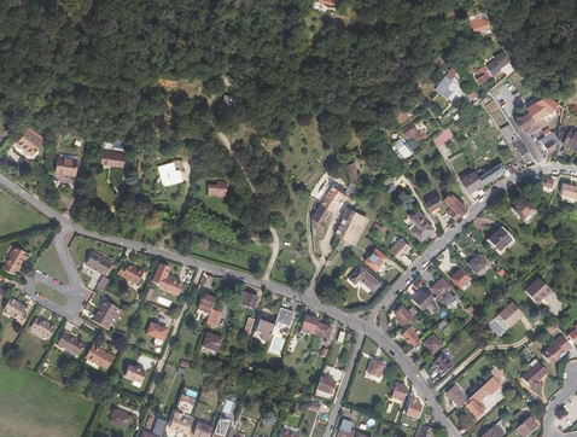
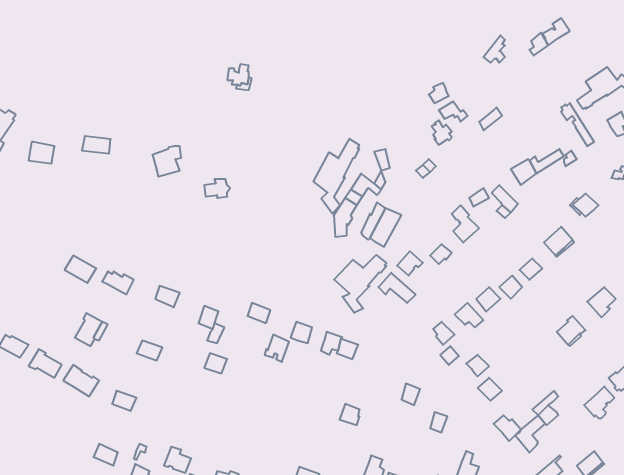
building: none -> [313,139,359,214]
building: none -> [334,255,387,313]

